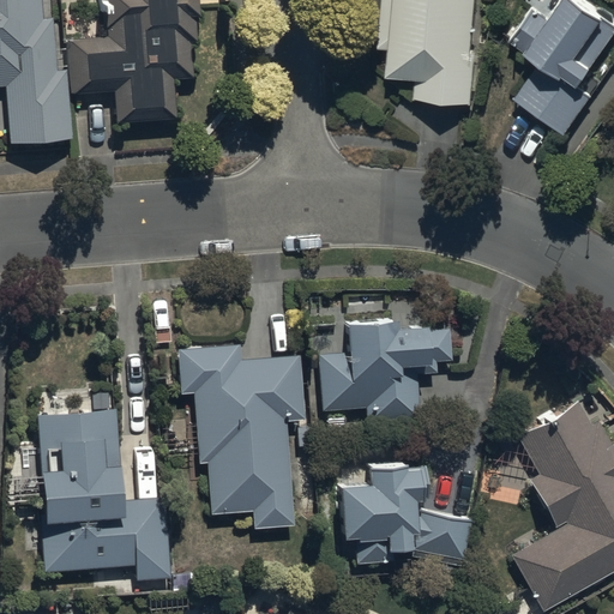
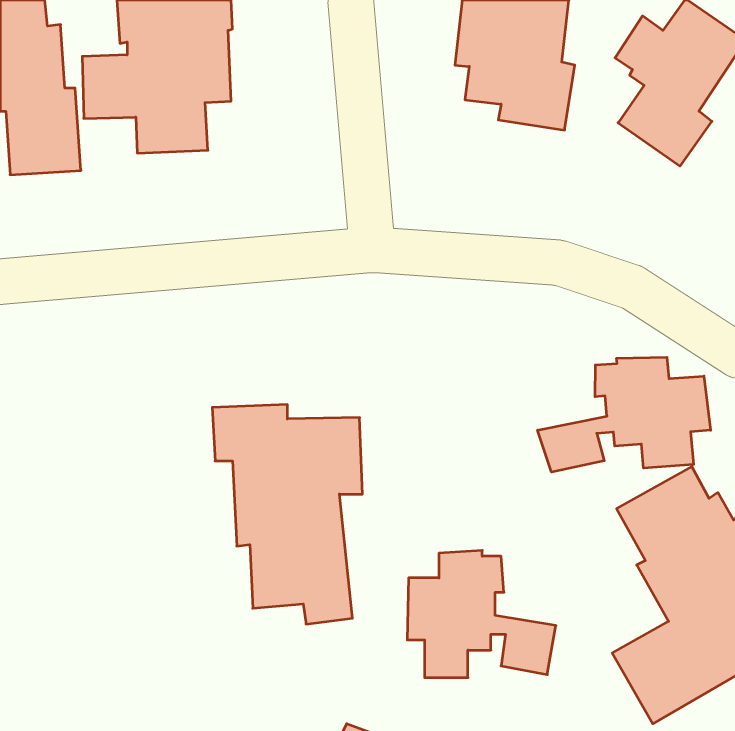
building: none -> [538,357,711,472]
building: [319,306,453,419] -> none
building: [35,404,169,576] -> none

